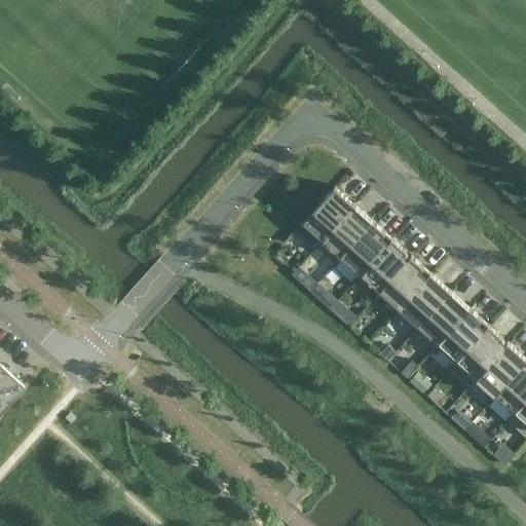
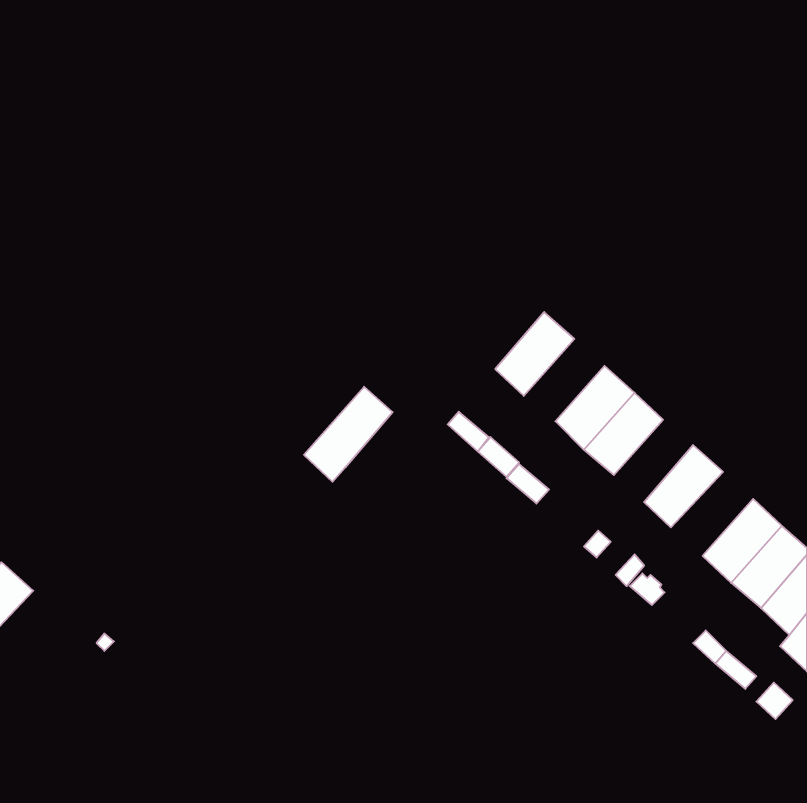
building: [296,190,353,252] -> [304,387,393,482]
building: [340,224,392,278] -> none
building: [399,276,450,330] -> none
building: [436,310,489,365] -> none

